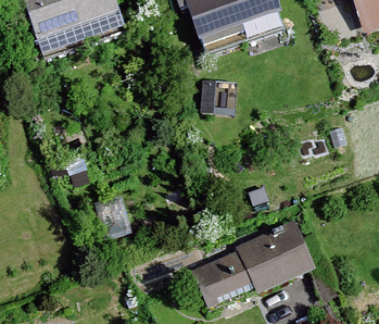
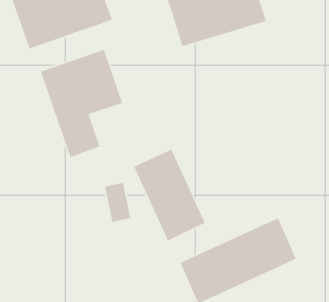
building: none -> [40,49,123,158]
building: none -> [133,148,206,241]

